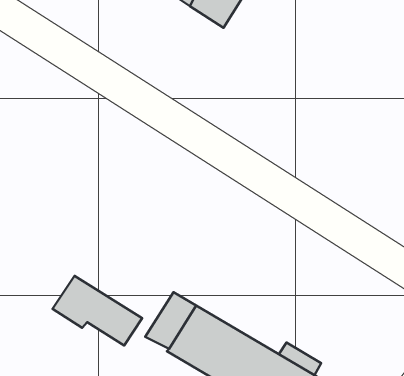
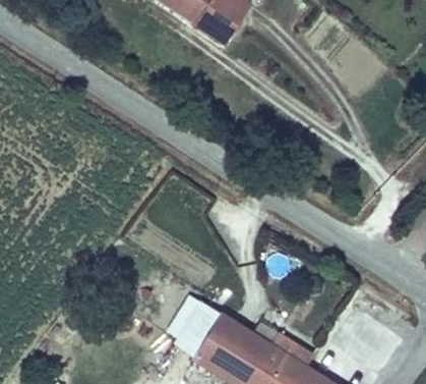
building: [52,276,142,346] -> none

